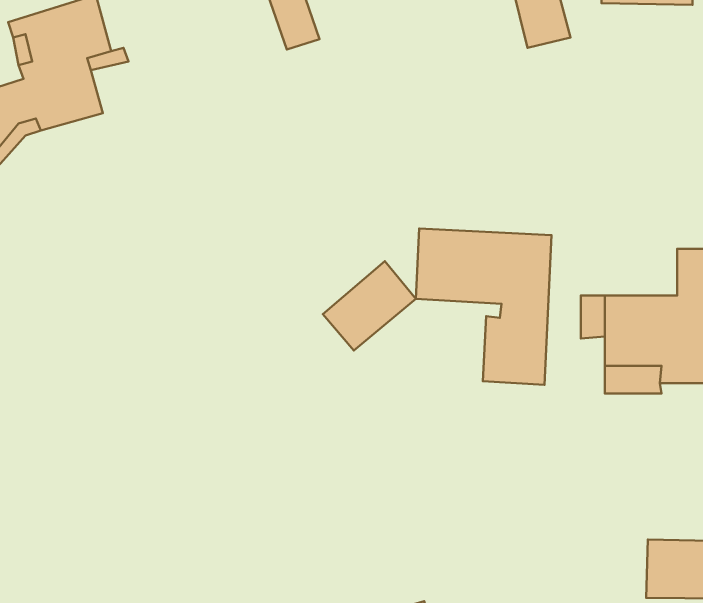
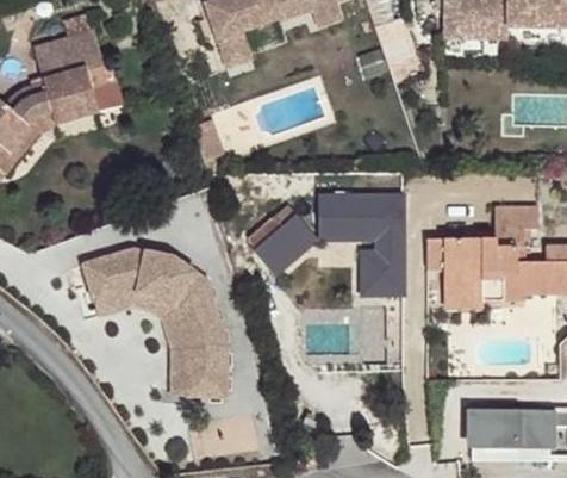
building: none -> [76,249,229,390]

